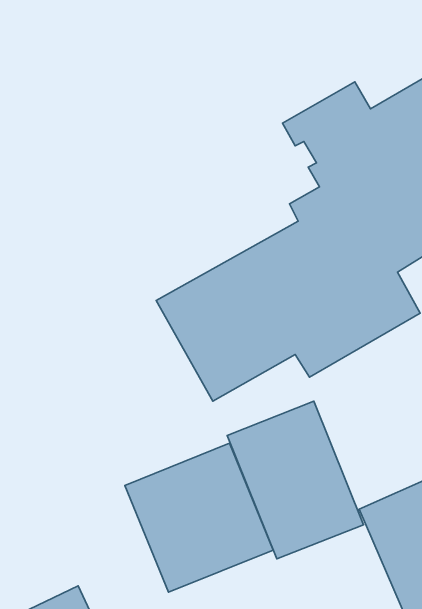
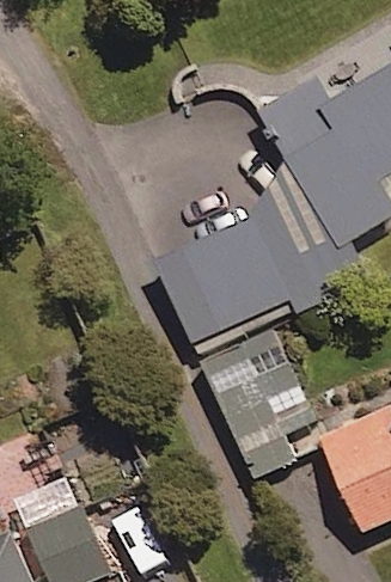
building: [125,443,273,592] -> none

